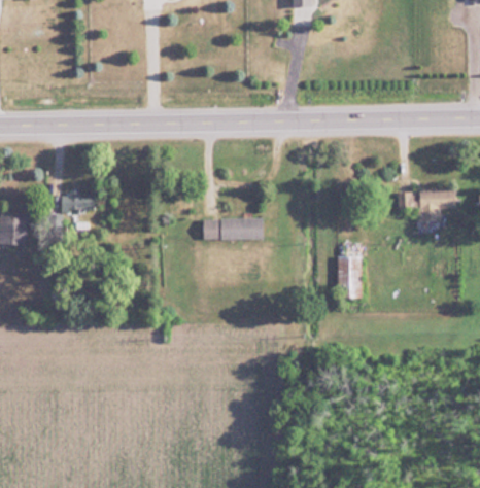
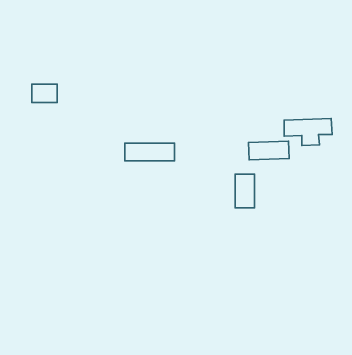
building: [63,191,94,214] -> [32,84,57,103]
building: none -> [248,141,289,160]

